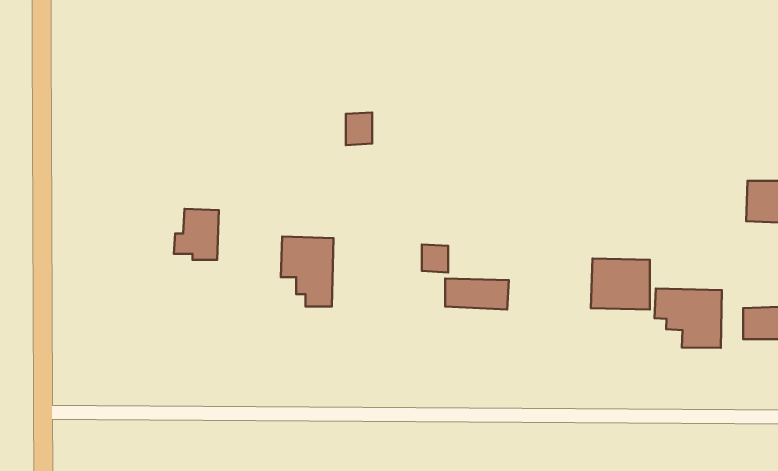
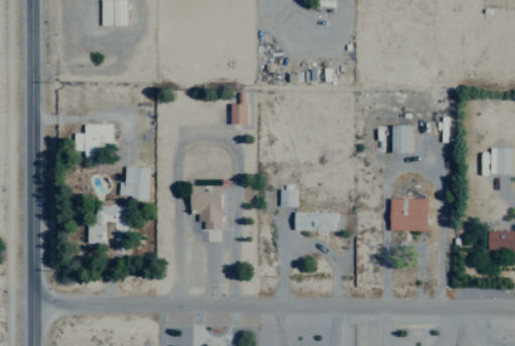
building: none -> [75,124,114,159]
building: none -> [392,125,413,153]
building: none -> [88,201,129,243]
building: [655,289,722,348] -> none

